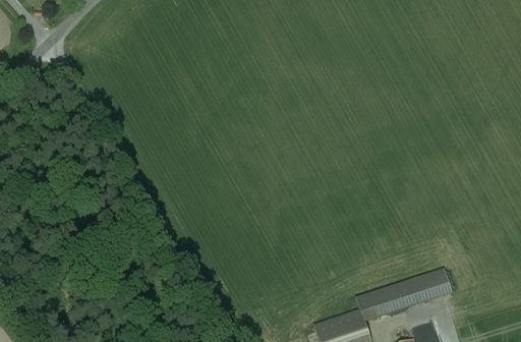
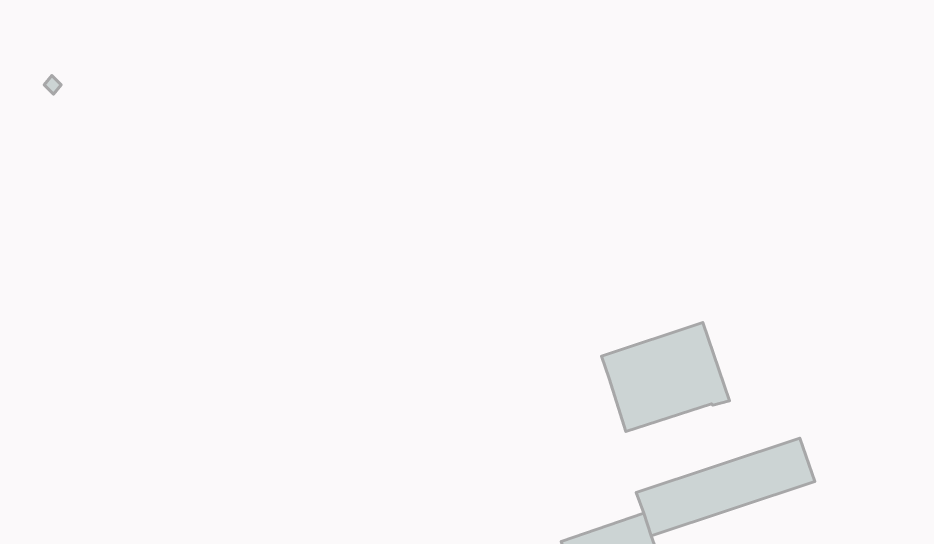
building: none -> [601,322,730,432]

